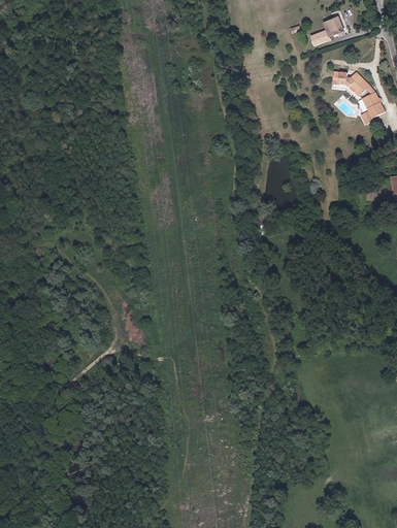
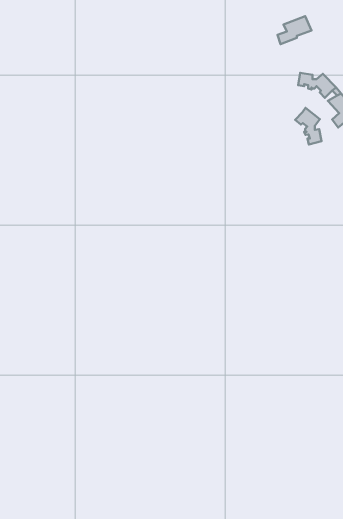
building: none -> [295,108,322,144]

